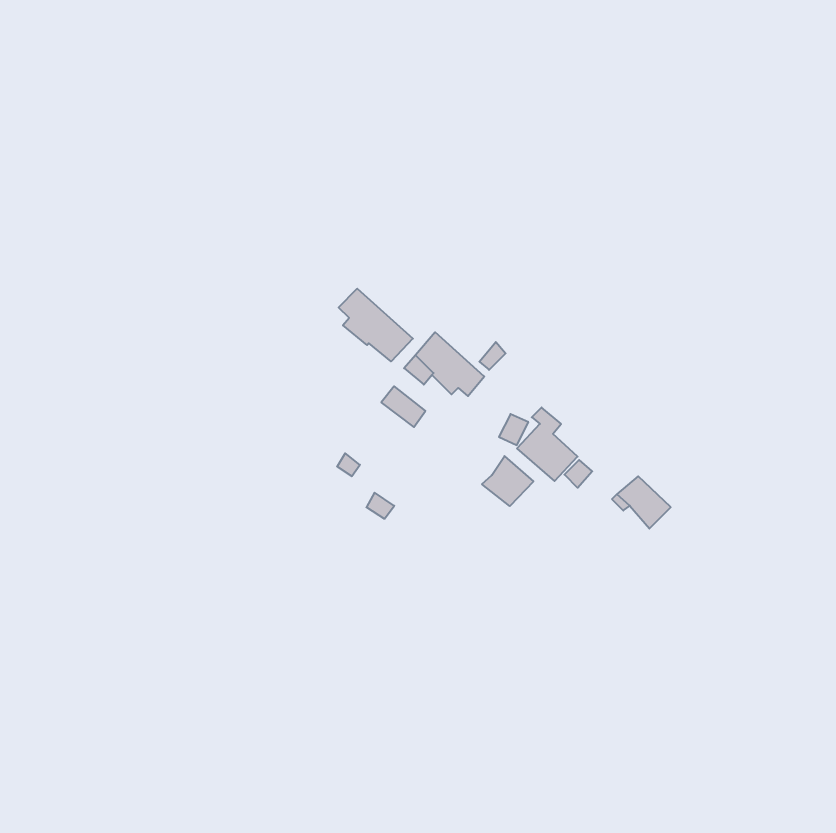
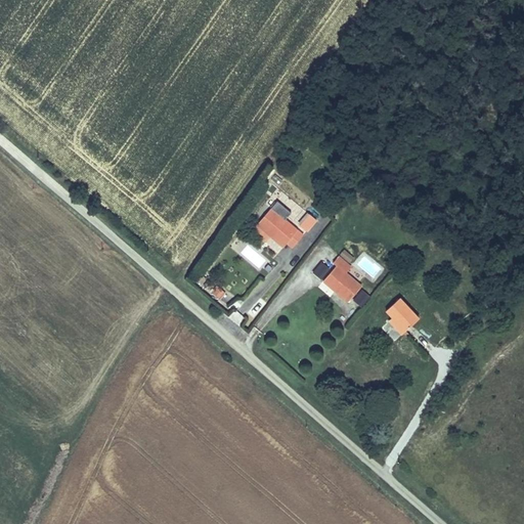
building: [339,289,413,361] -> none
building: [482,456,533,506] -> none

